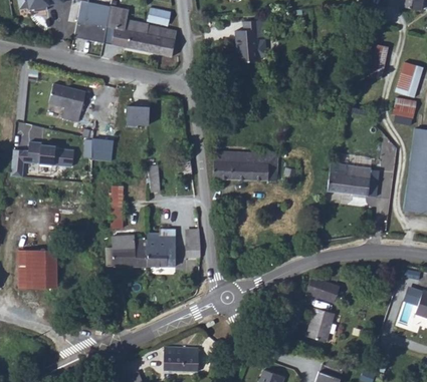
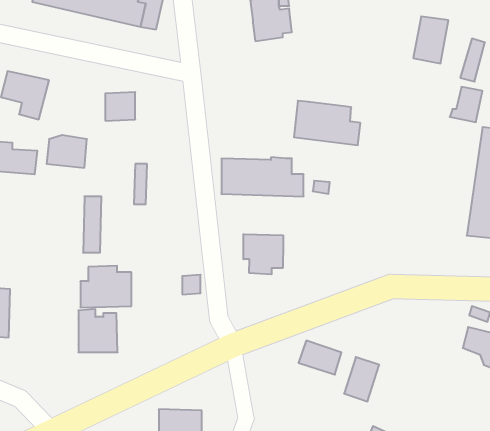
building: [330,163,381,198] -> [294,101,360,145]
building: none -> [243,234,283,274]
building: [146,233,176,266] -> [78,309,118,352]
building: [309,274,343,300] -> [298,341,341,375]

